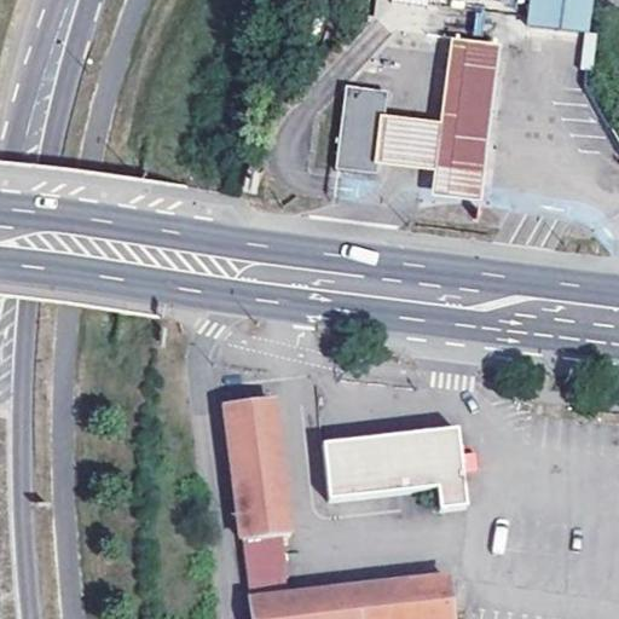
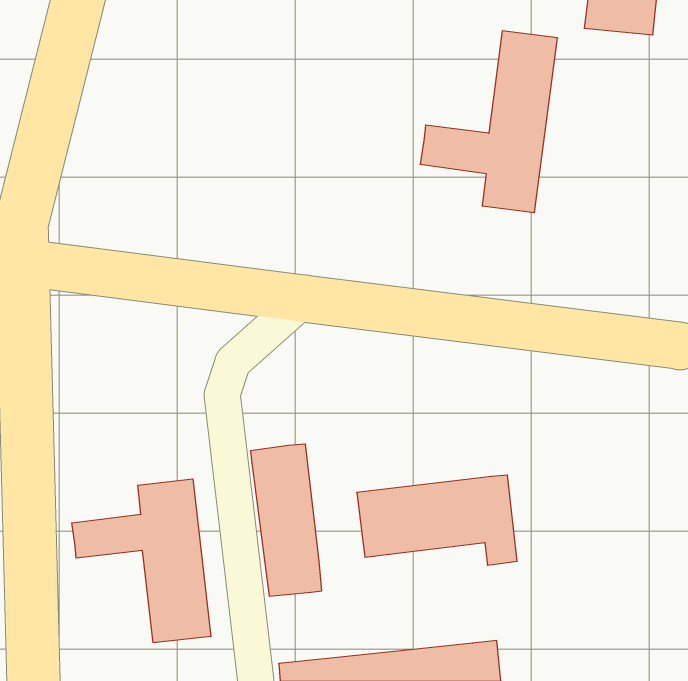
building: [335,87,384,174] -> none
building: none -> [72,479,211,643]
building: [242,532,285,596] -> none

